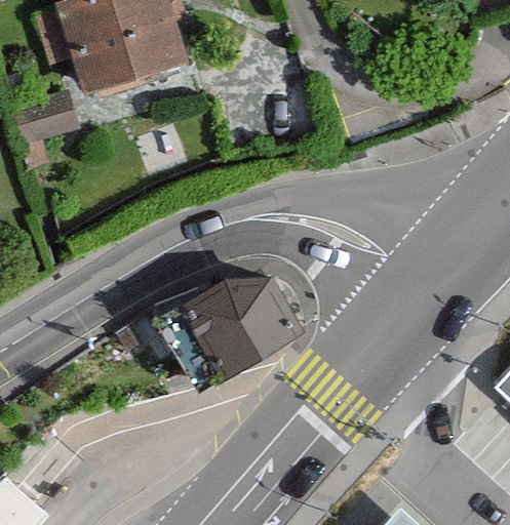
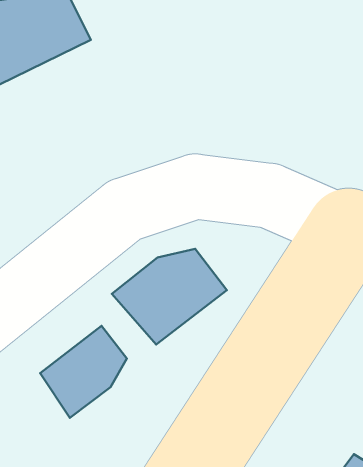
building: none -> [40,326,127,418]

